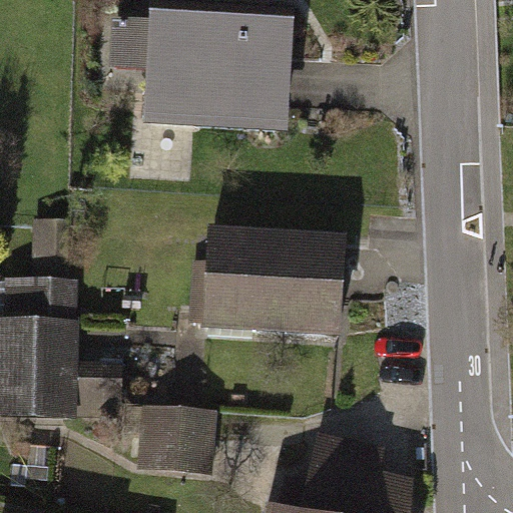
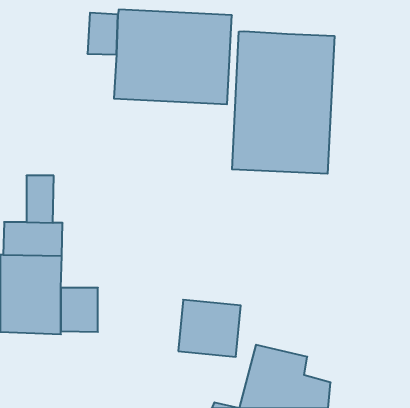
building: none -> [232,31,334,174]
building: [202,225,345,335] -> none
building: [138,405,216,476] -> [178,300,241,357]

